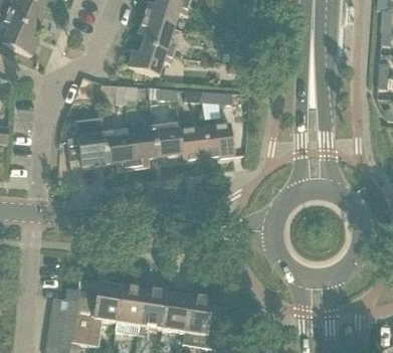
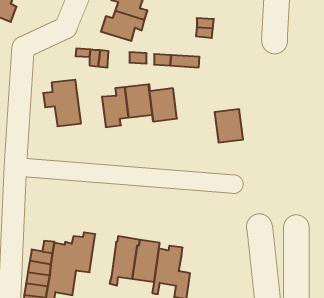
building: [203,123,233,158] -> [215,109,243,142]
building: [102,130,132,169] -> none
building: [115,281,143,333] -> none

